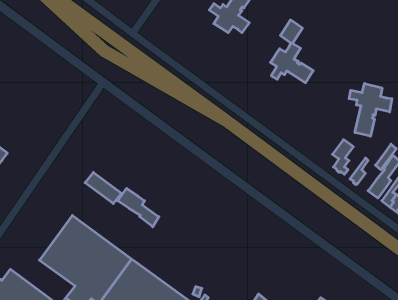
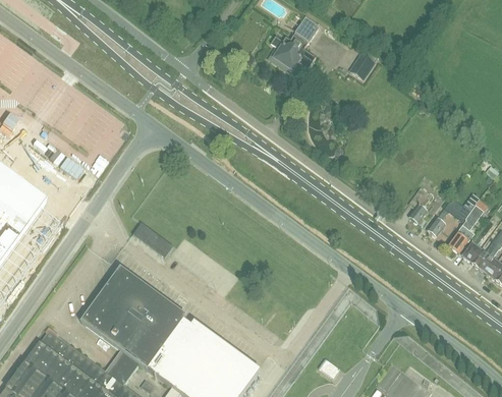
building: [270,43,313,83] -> none
building: [349,83,392,136] -> none
building: [118,188,159,227] -> none

